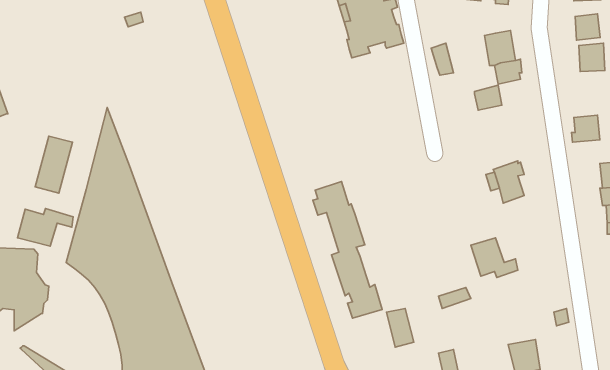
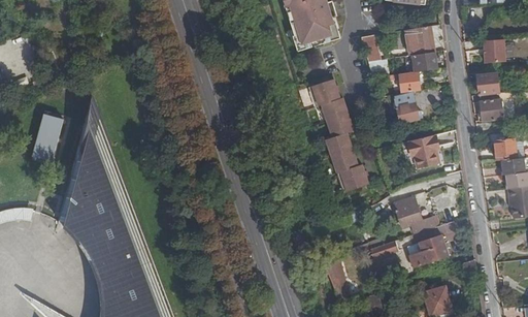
building: [575,14,600,40] -> [478,72,499,94]
building: none -> [392,97,418,125]
building: [313,182,382,318] -> [309,78,367,192]
building: [18,209,73,246] -> none
building: none -> [410,235,449,266]

